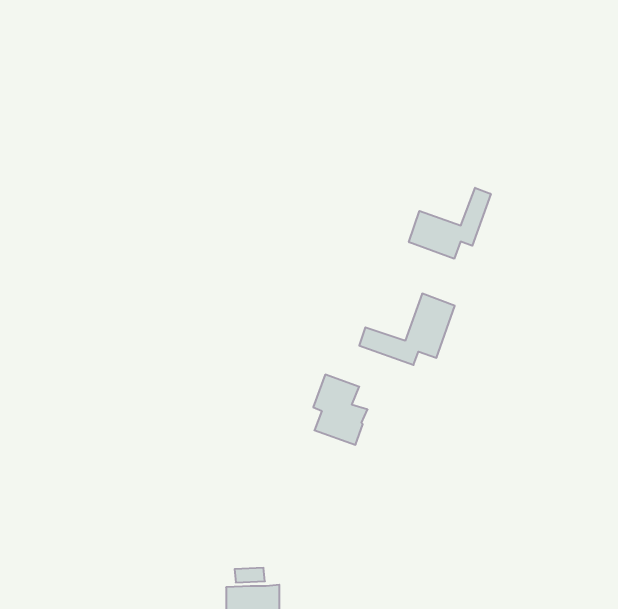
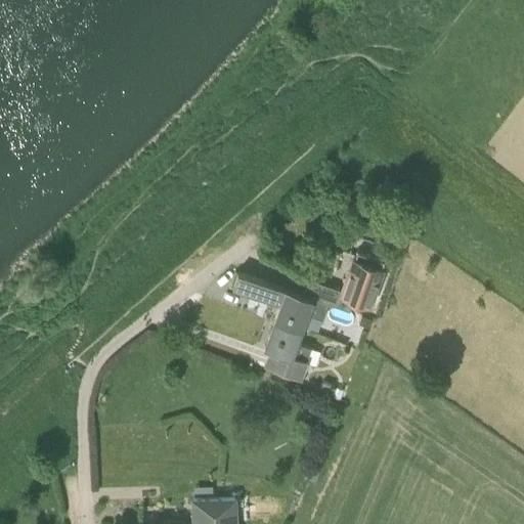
building: [409,188,491,259] -> none
building: none -> [232,278,314,335]

